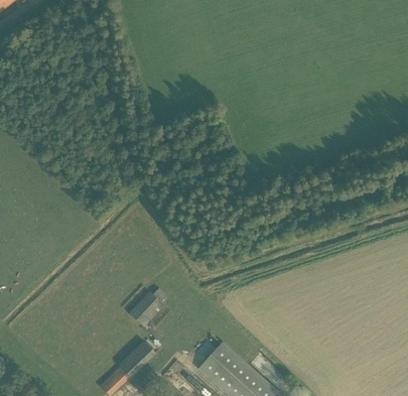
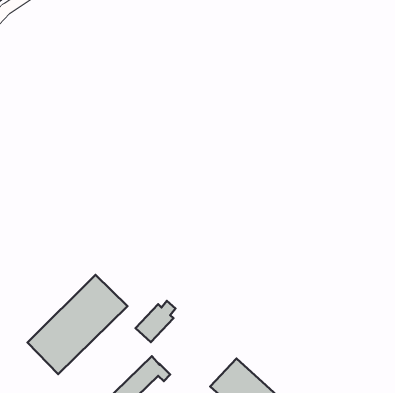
building: none -> [27,275,128,374]

